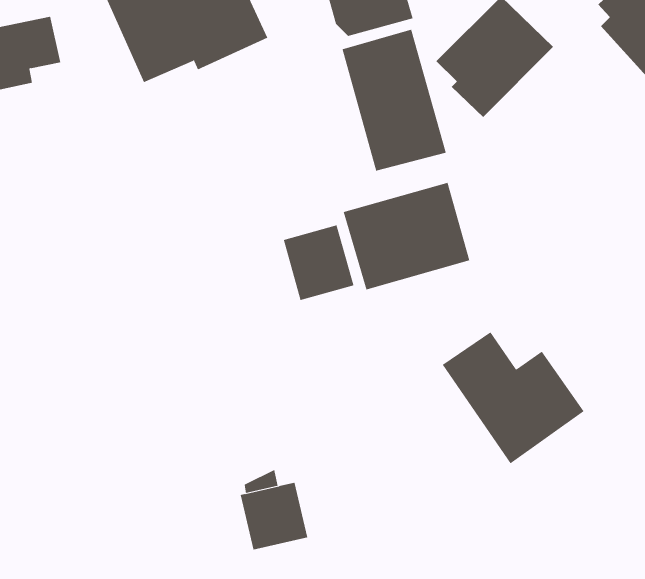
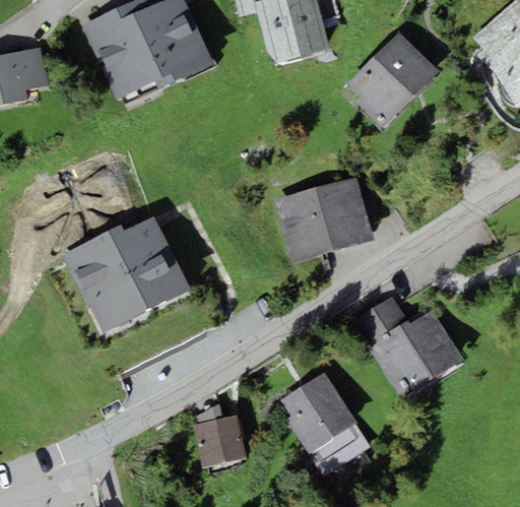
building: [342,29,446,172] -> none
building: [283,225,354,301] -> none
building: none -> [62,215,192,333]
building: none -> [281,373,372,477]

